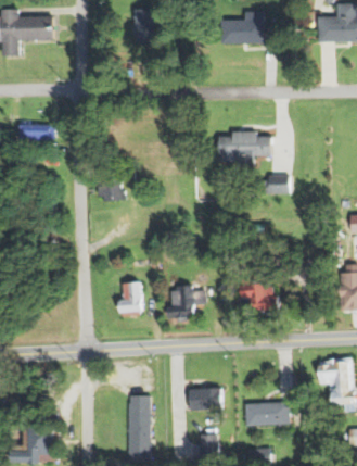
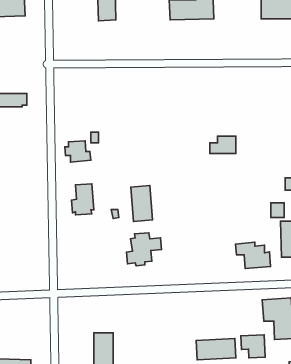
building: [218,133,271,166] -> none
building: none -> [131,186,153,221]
building: [117,280,142,315] -> [72,184,94,215]
building: [240,282,279,312] -> [236,242,270,268]
building: [189,388,221,410] -> none
building: none -> [241,335,265,358]

